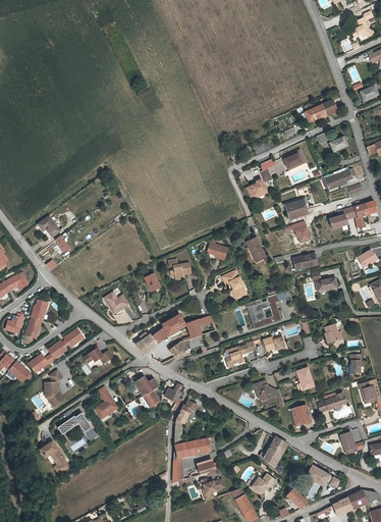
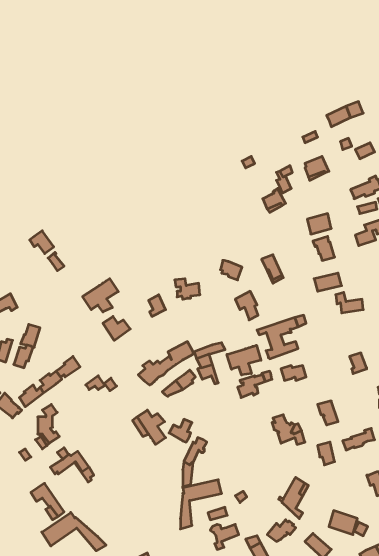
building: none -> [83,279,118,312]
building: none -> [227,345,261,375]
building: [94,386,119,419] -> none
building: none -> [42,512,106,551]

